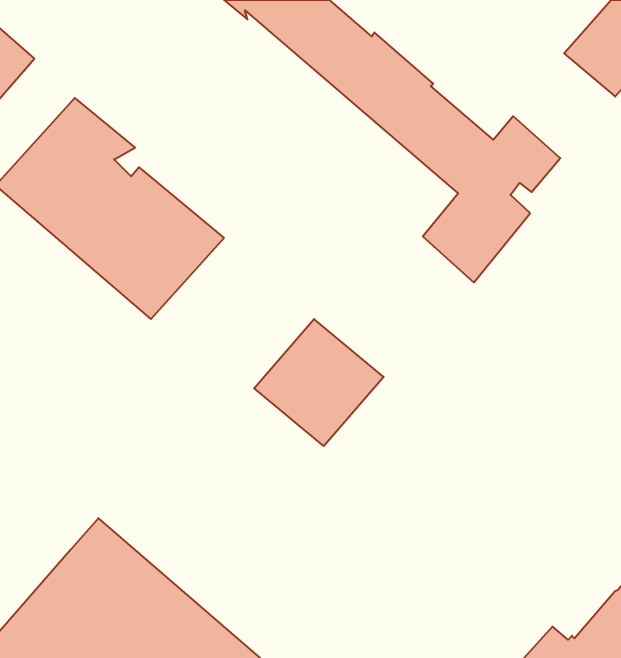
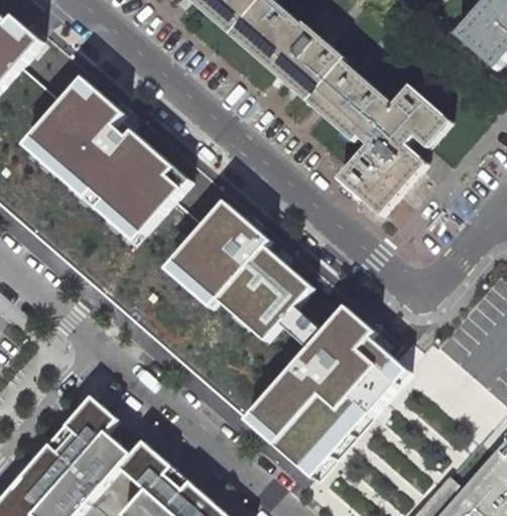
building: none -> [158,199,266,308]
building: none -> [239,305,409,483]

